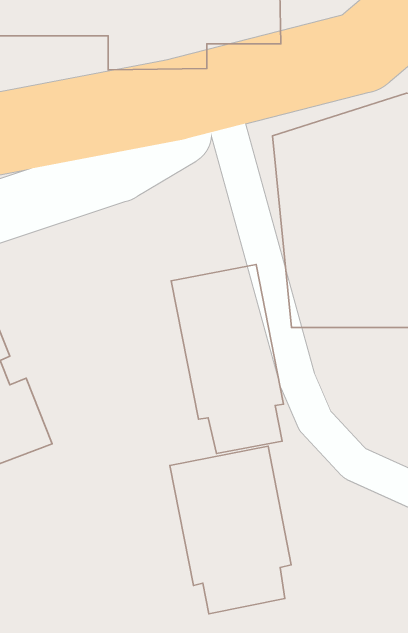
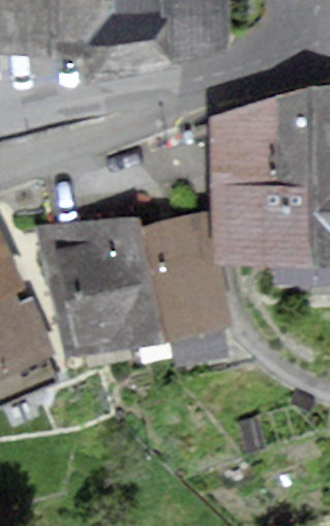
building: none -> [46,214,157,349]
building: [170,446,291,614] -> none

